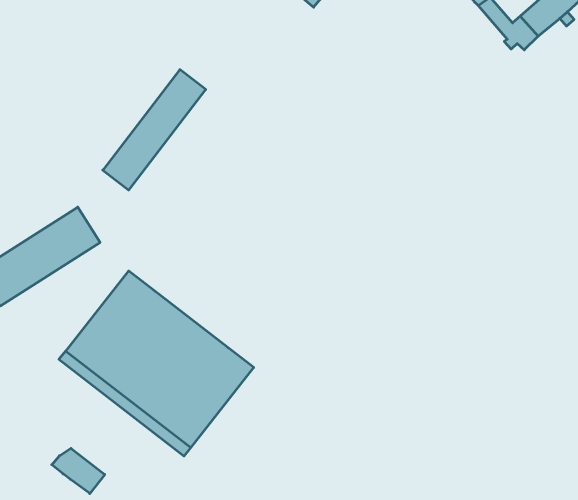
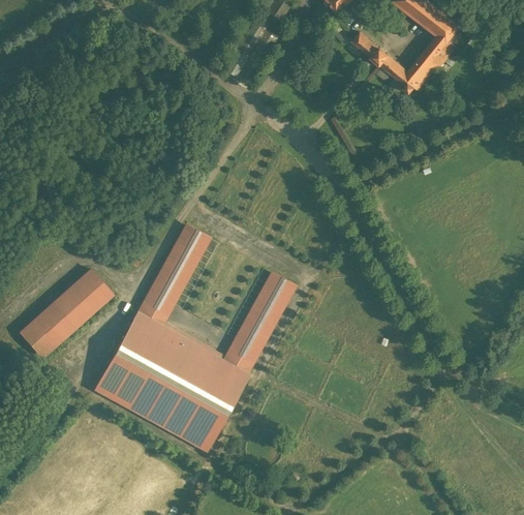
building: [103,70,206,190] -> [138,224,209,325]
building: none -> [225,272,296,372]
building: [52,448,105,494] -> none

